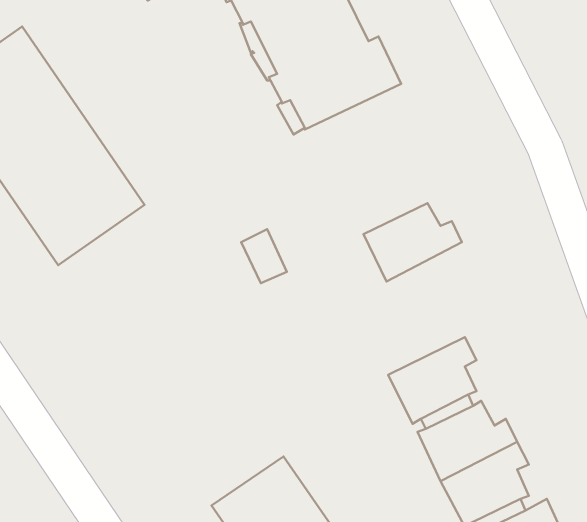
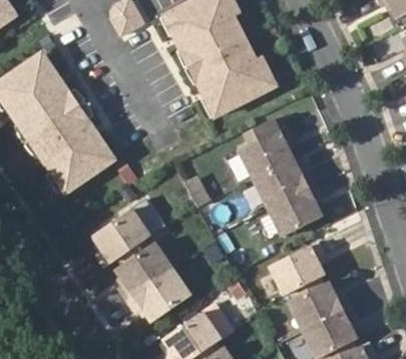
building: none -> [239,124,293,177]
building: none -> [268,183,322,235]
building: none -> [86,207,192,325]

